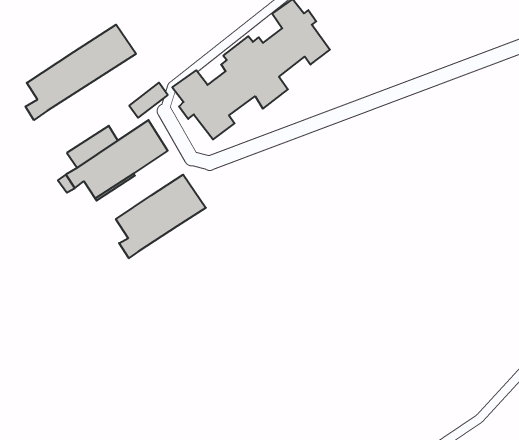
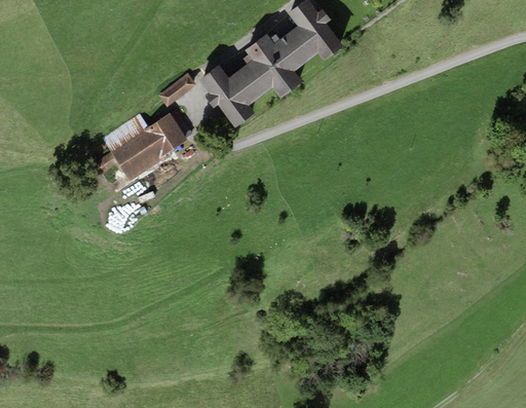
building: [25,25,136,120] -> none
building: [116,175,206,258] -> none

